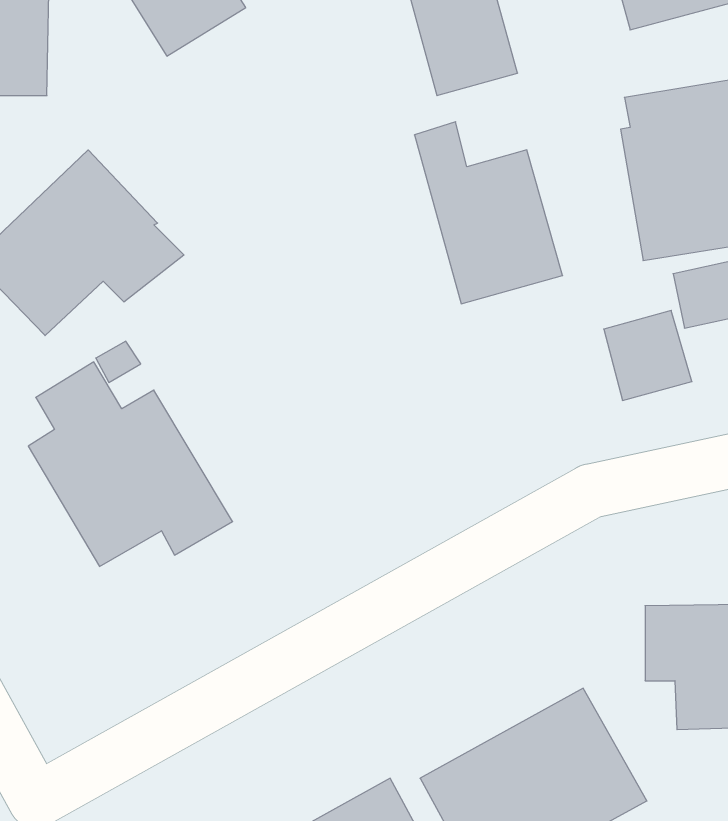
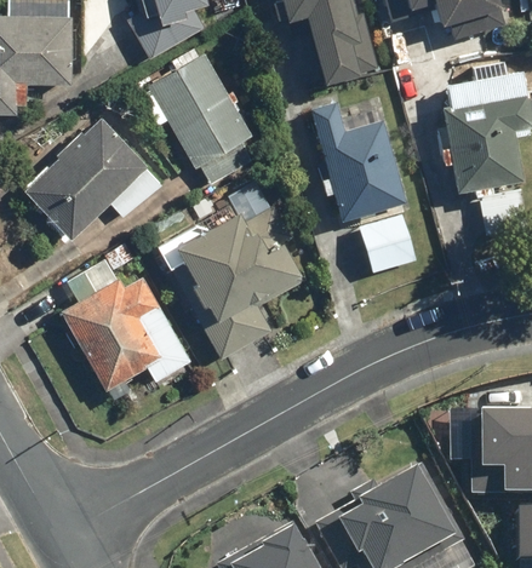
building: none -> [138,46,252,183]
building: none -> [158,203,304,356]
building: [604,310,692,400] -> [359,212,416,270]

